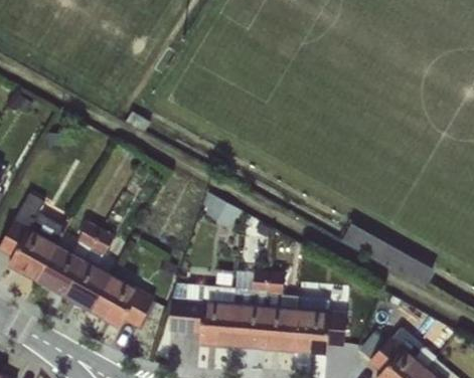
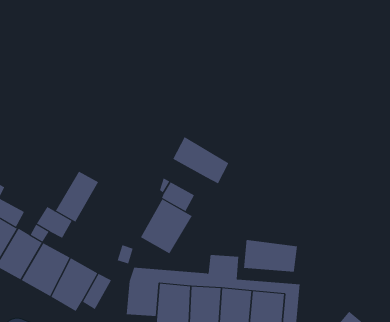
building: none -> [172,136,229,184]
building: none -> [55,171,99,222]
building: none -> [140,199,192,254]
building: none -> [243,239,297,273]

